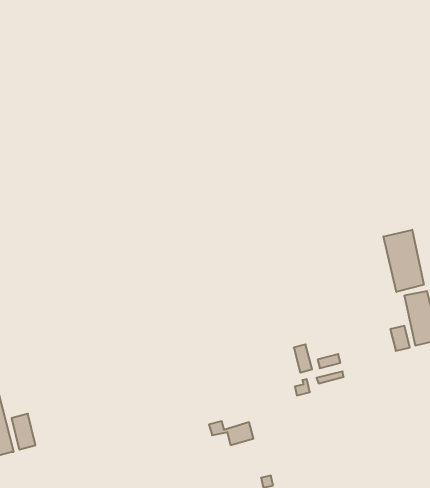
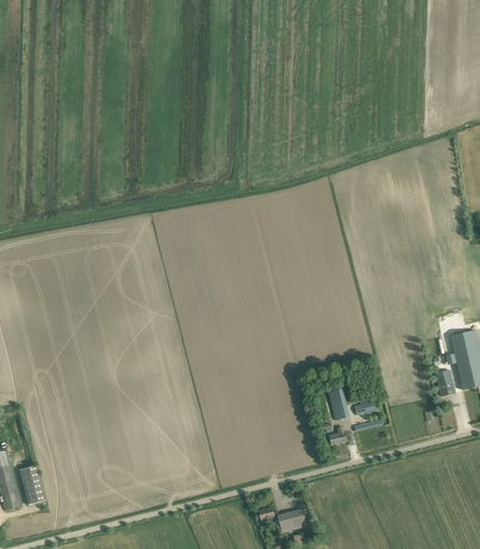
building: [383,230,424,292] -> none
building: [209,421,253,445] -> [257,506,306,532]

